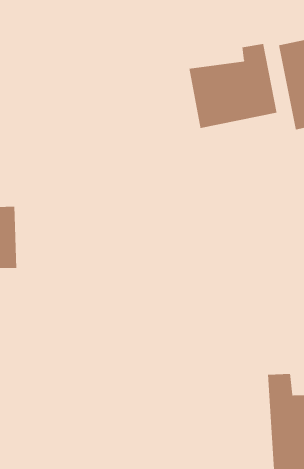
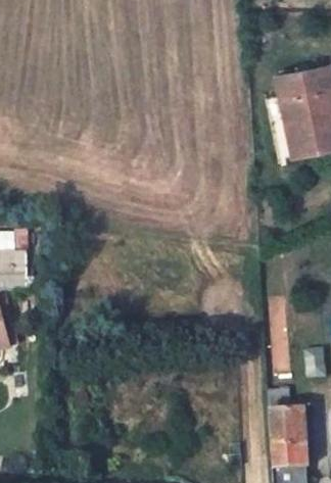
building: [189,43,277,129] -> none

